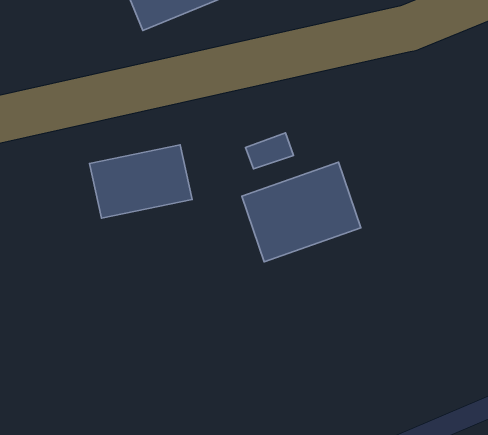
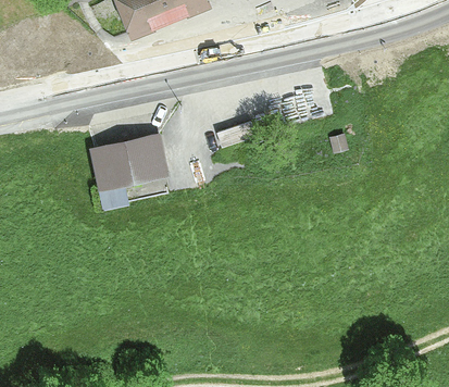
building: [242,162,361,262] -> none

